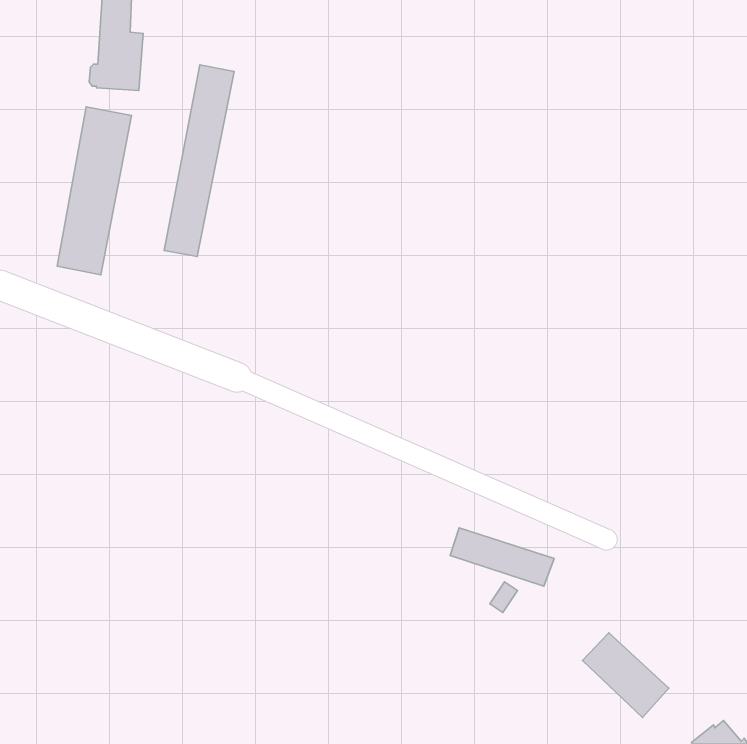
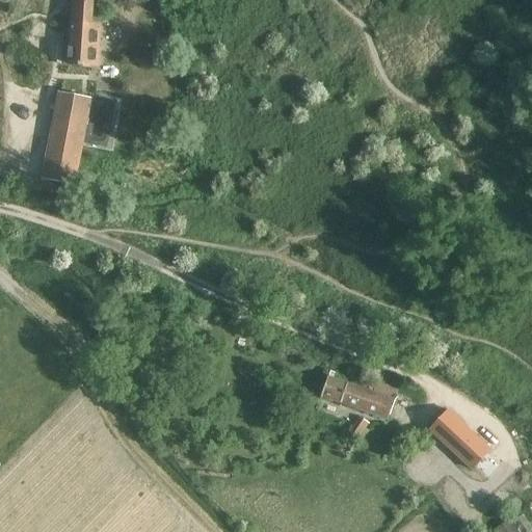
building: [164,65,234,257] -> none
building: [583,633,669,718] -> [428,408,489,469]

